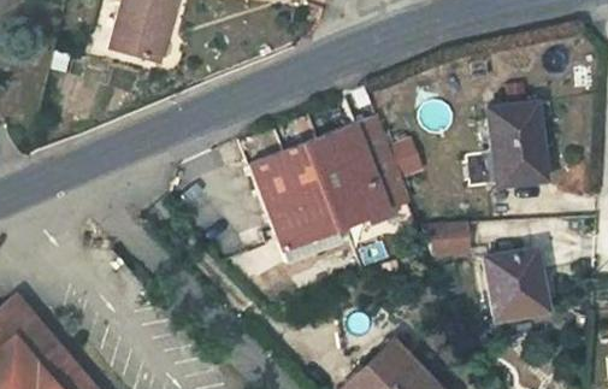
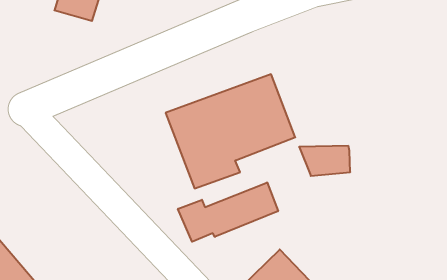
building: [488,100,544,183] -> none
building: [486,246,545,314] -> none
building: none -> [178,182,278,242]

